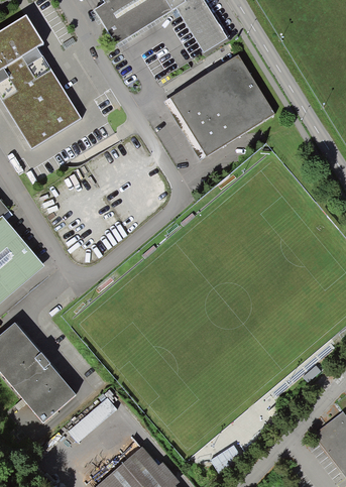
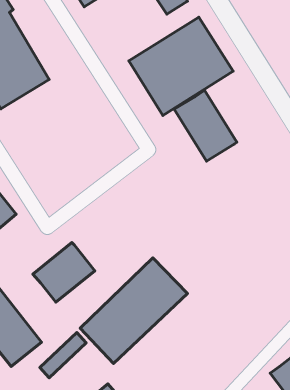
building: none -> [174,90,237,161]
building: none -> [33,242,95,302]
building: none -> [80,258,188,364]

